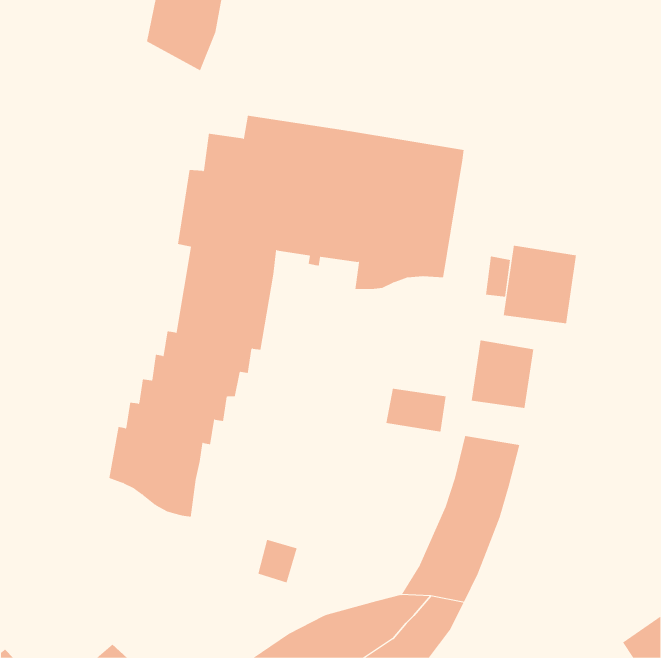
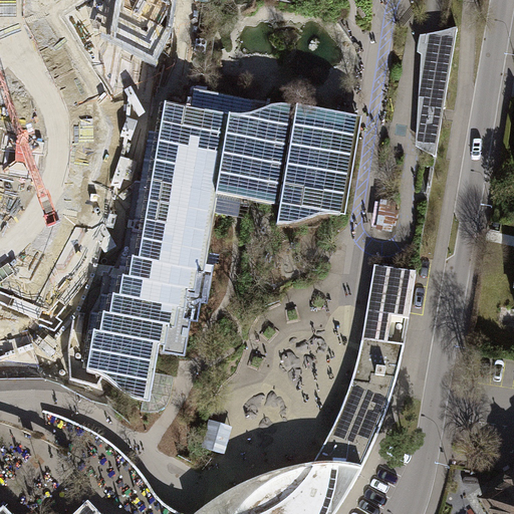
building: none -> [415,26,457,157]
building: [503,245,577,324] -> none
building: [386,388,446,432] -> [360,311,408,345]

